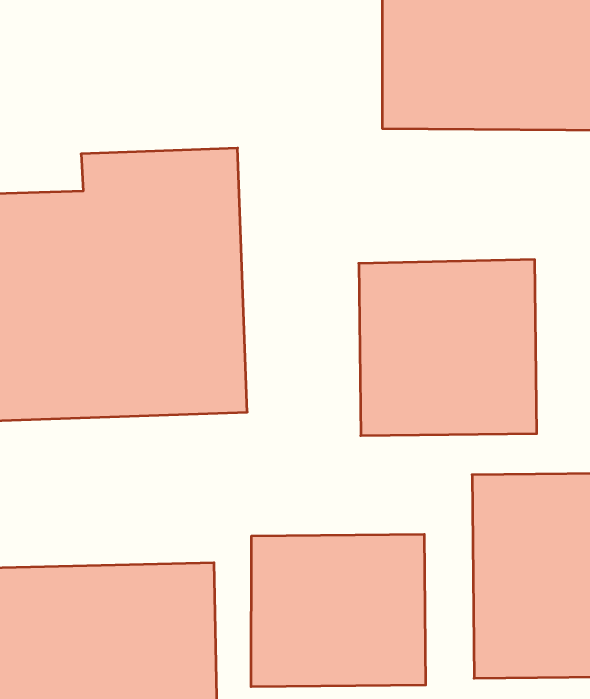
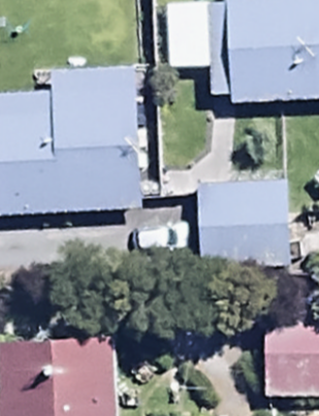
building: [251,534,426,687] -> none

